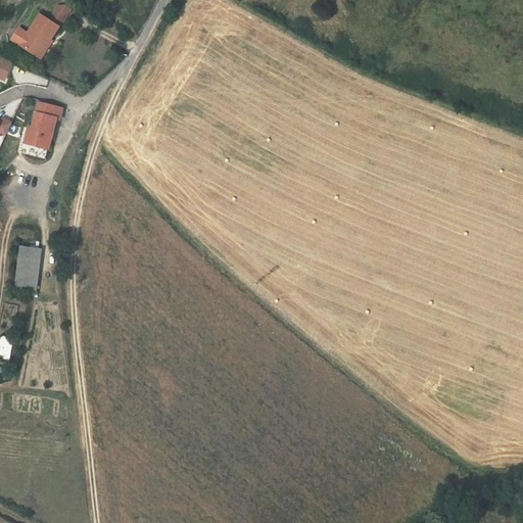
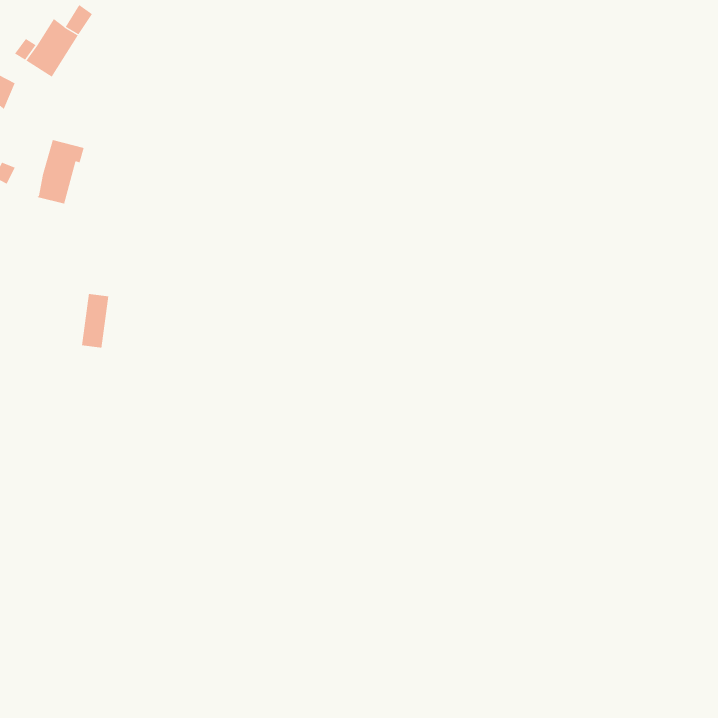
building: [14,248,35,288] -> [81,293,109,348]

